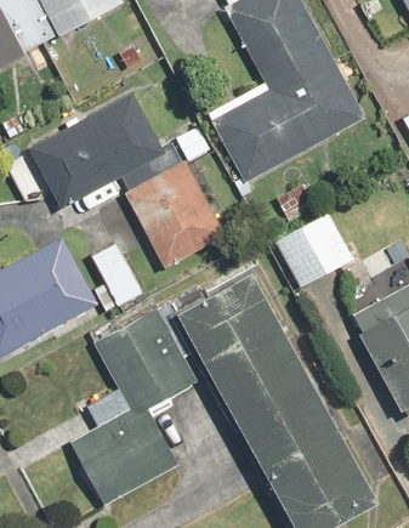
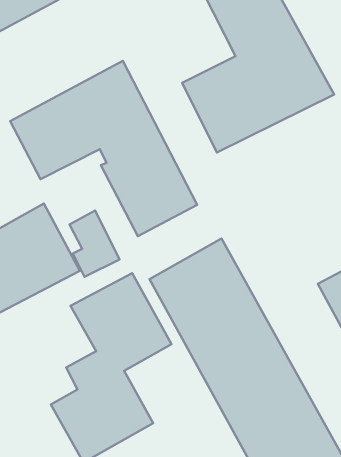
building: [277,215,352,285] -> none

